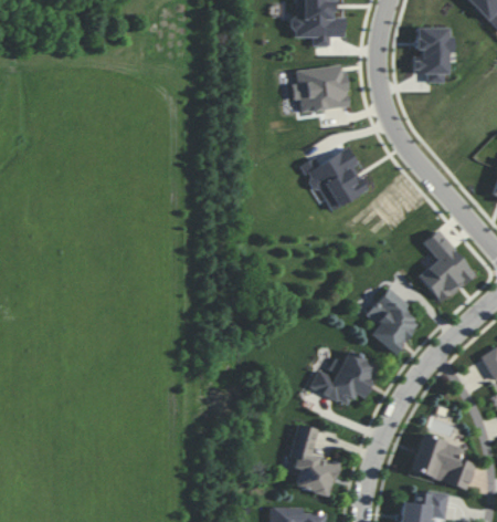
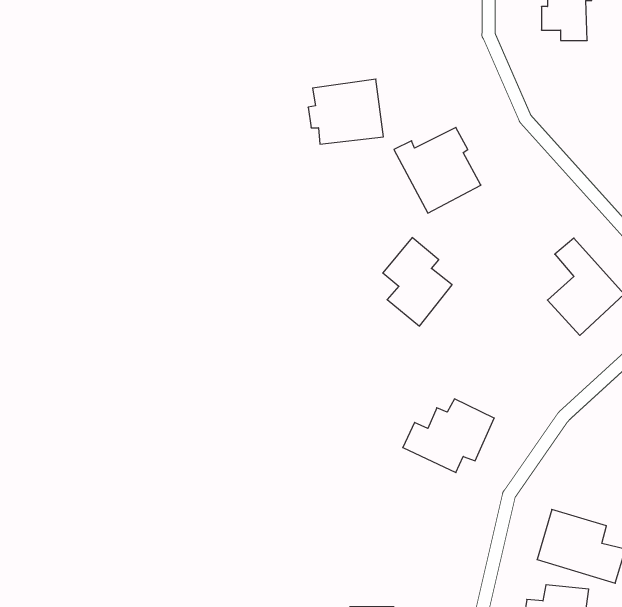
building: [294,63,350,112] -> [308,79,383,144]
building: [368,288,420,354] -> [383,238,452,326]
building: [290,424,340,497] -> none

